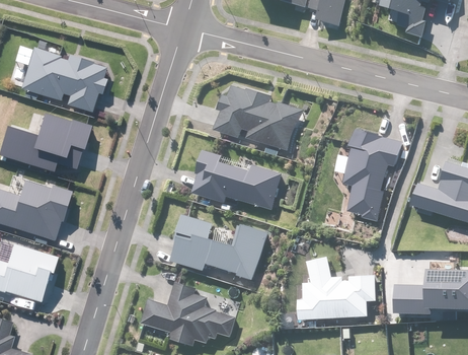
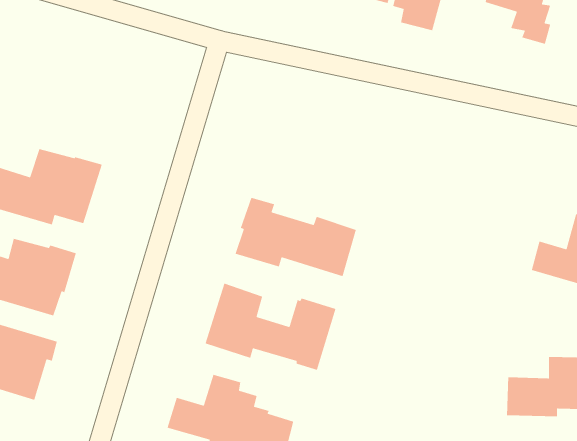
building: [21,47,107,112] -> none
building: [214,85,303,151] -> none
building: [342,129,403,221] -> none
building: [297,256,376,320] -> none

